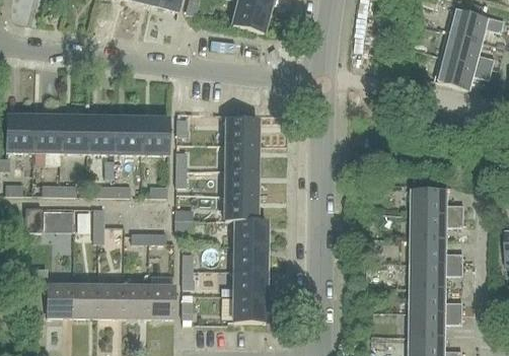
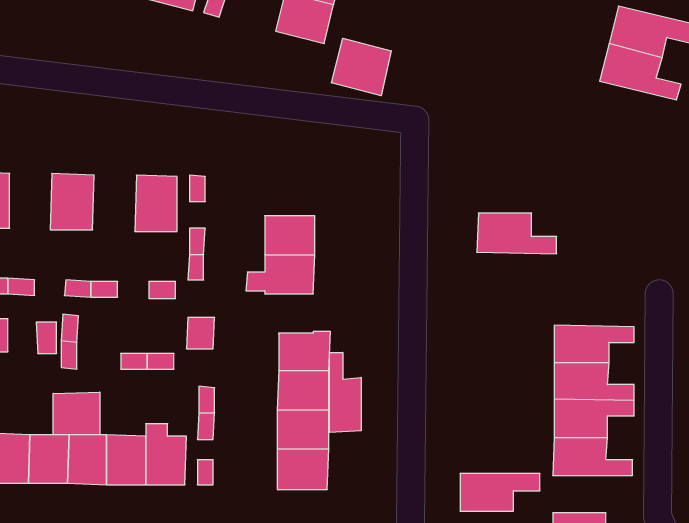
building: none -> [331,38,391,96]
building: [436,57,492,90] -> none
building: [60,117,87,153] -> none
building: [114,118,142,154] -> none
building: [225,119,258,144] -> none
building: [413,190,464,216] -> [477,213,557,254]
building: [224,195,257,221] -> none
building: none -> [330,352,361,432]
building: none -> [53,392,100,435]
building: [412,312,463,337] -> [460,474,540,511]

